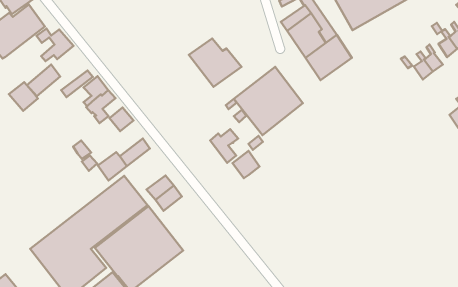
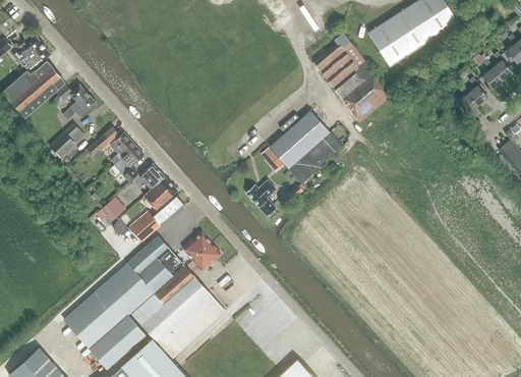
building: [189,38,241,87] -> none
building: [9,82,38,111] -> none
building: none -> [143,176,176,209]
building: [233,151,260,178] -> none

